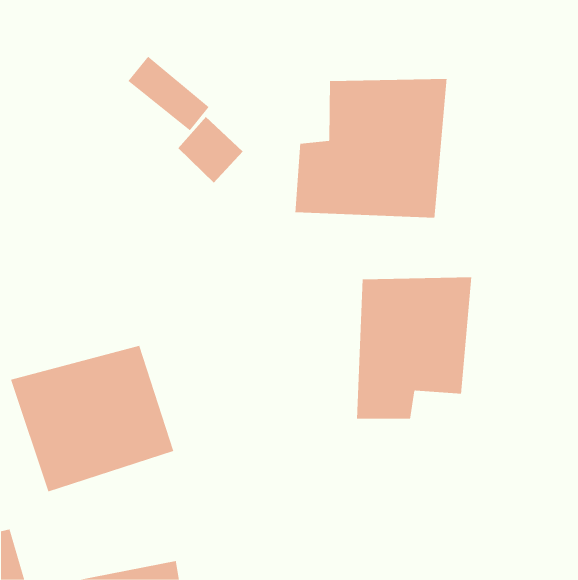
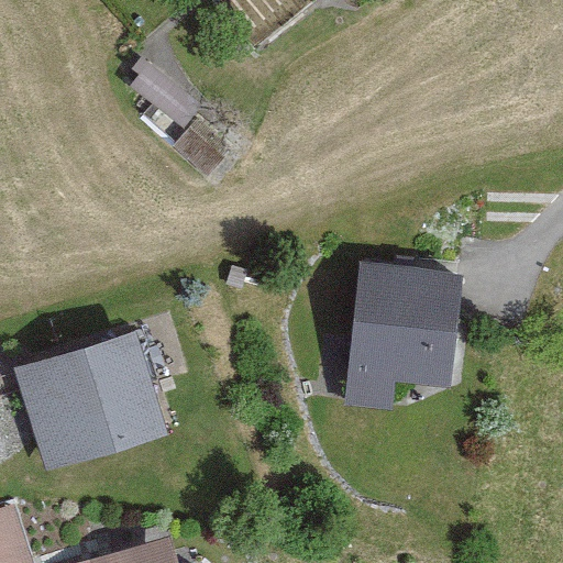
building: [295,78,447,218] -> none

